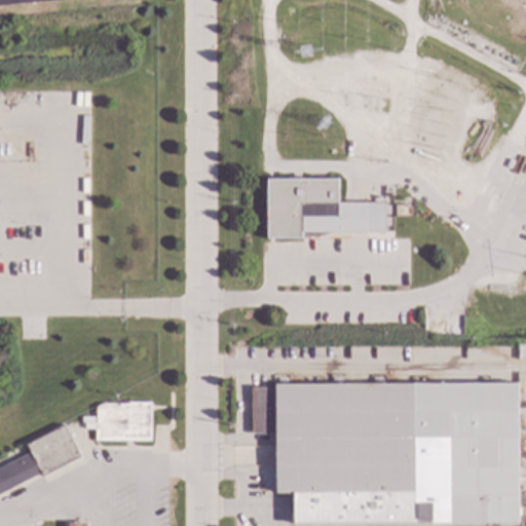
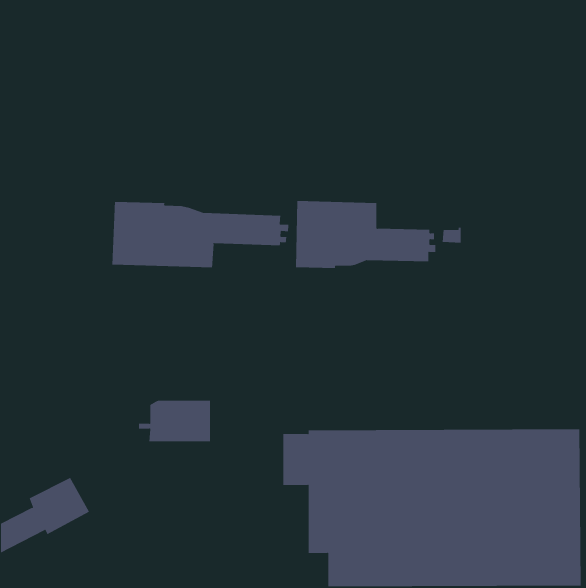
building: none -> [112,201,289,268]
building: [87,403,152,440] -> [138,400,211,442]

